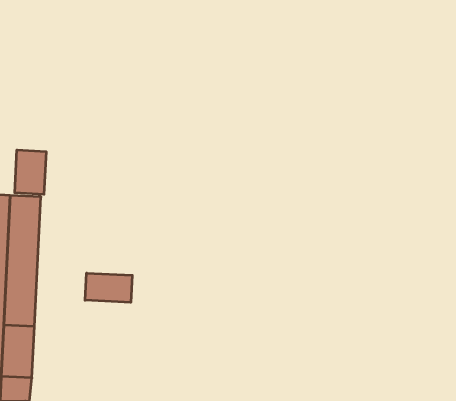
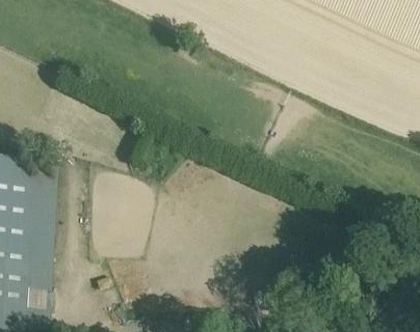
building: [15,150,46,194] -> none
building: [85,273,132,302] -> none

